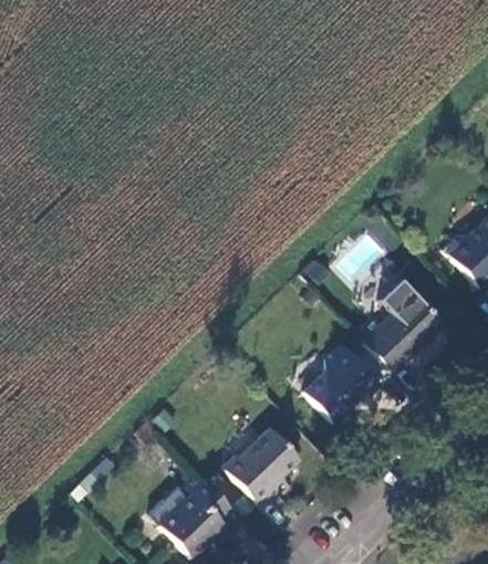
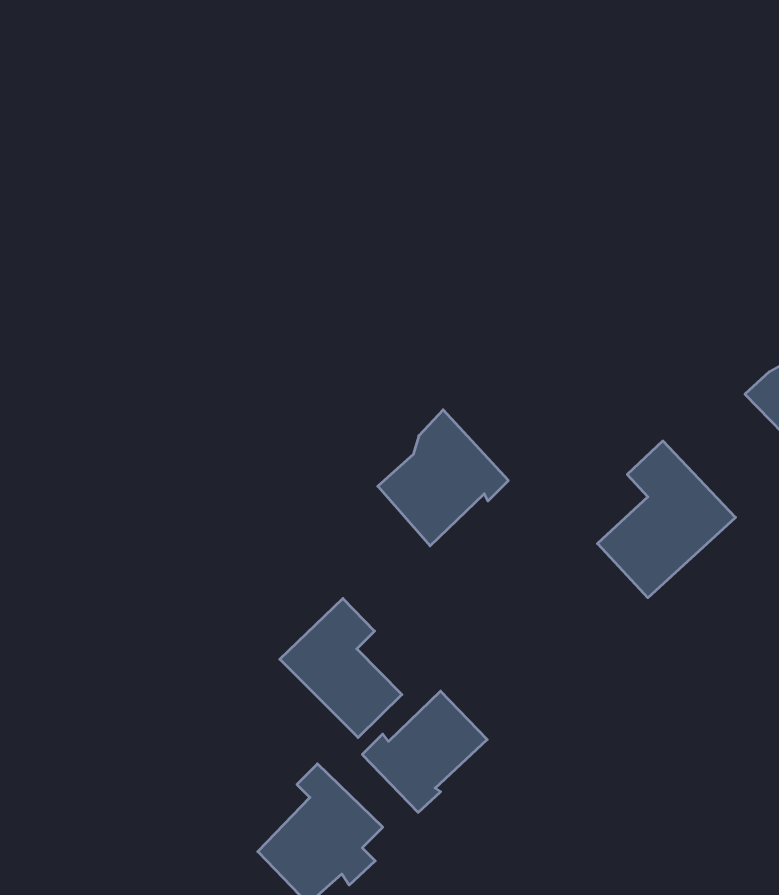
building: [302,341,380,421] -> [378,410,508,546]
building: none -> [280,598,402,738]

